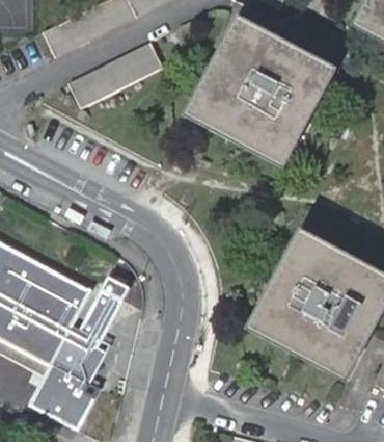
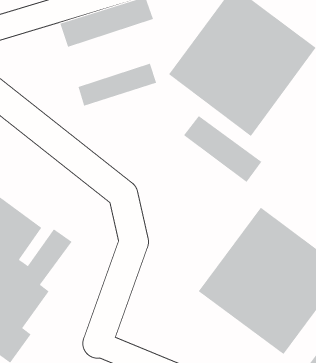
building: none -> [78,63,157,106]
building: none -> [183,115,262,183]

